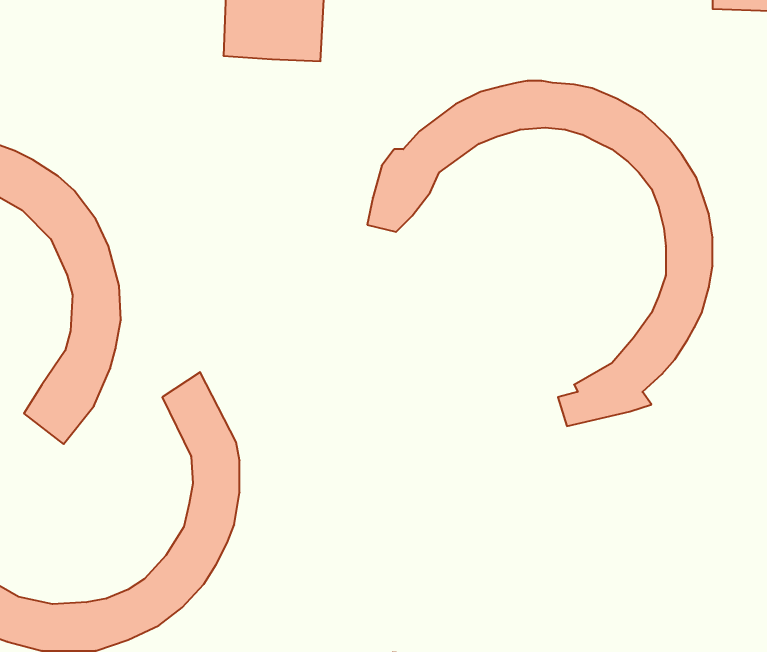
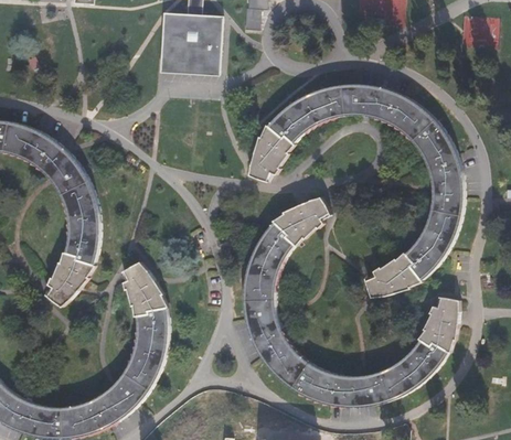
building: none -> [245,198,458,408]

